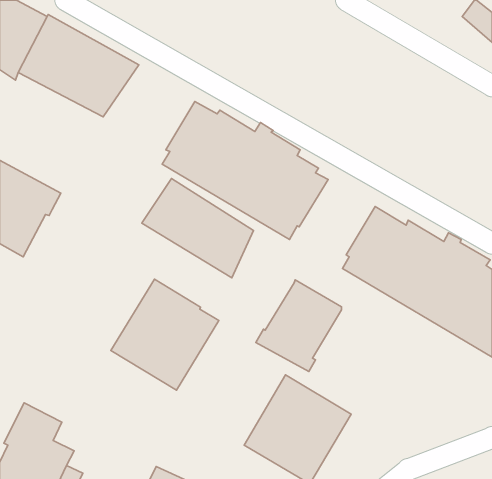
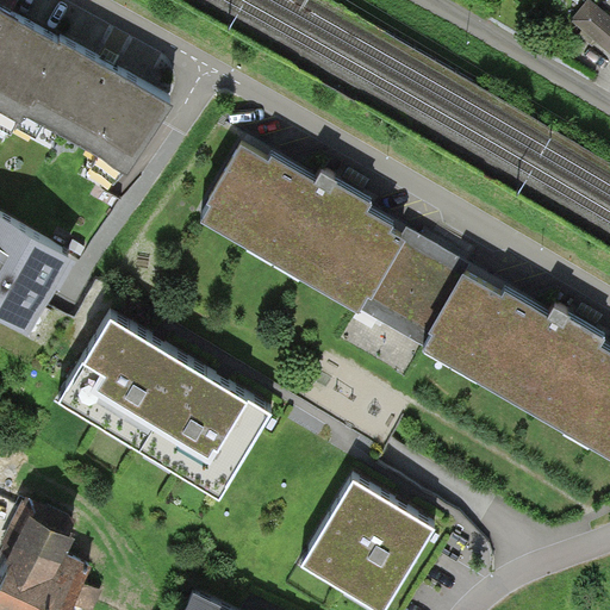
building: [142,178,253,278] -> none
building: none -> [58,313,191,450]
building: [256,280,342,372] -> [357,236,463,349]

